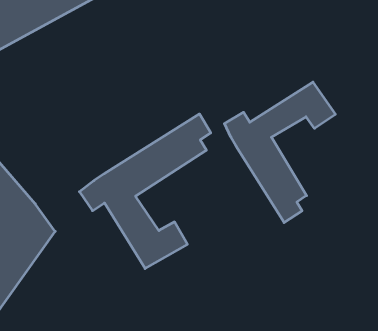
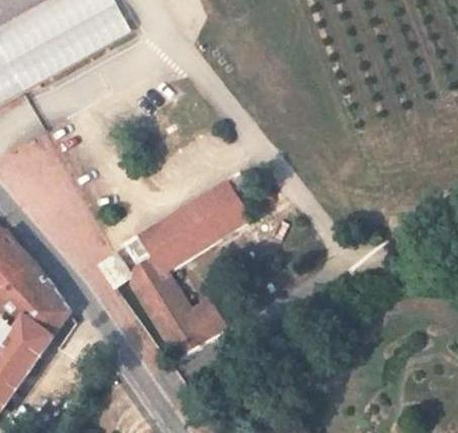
building: [224,82,335,223] -> none

